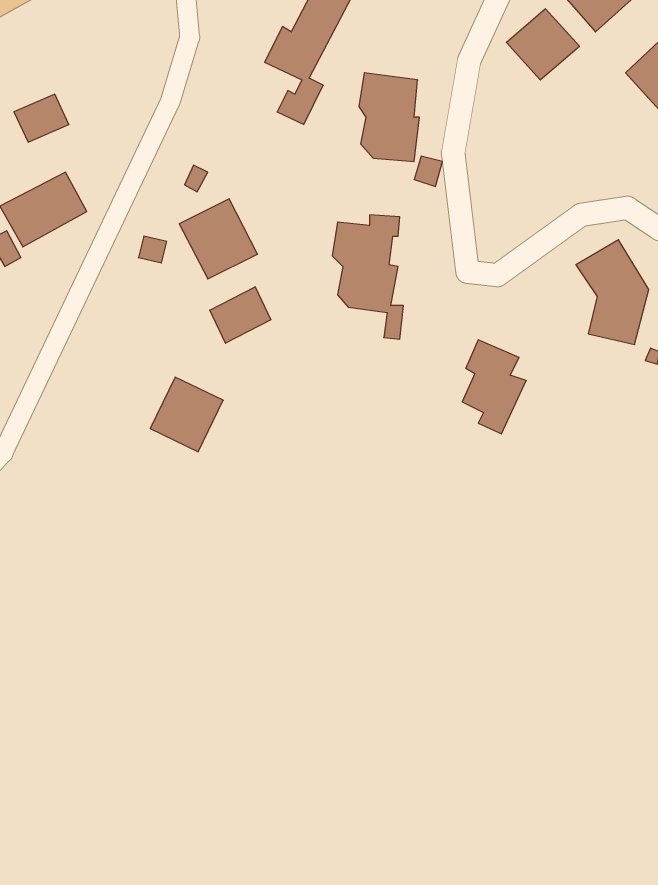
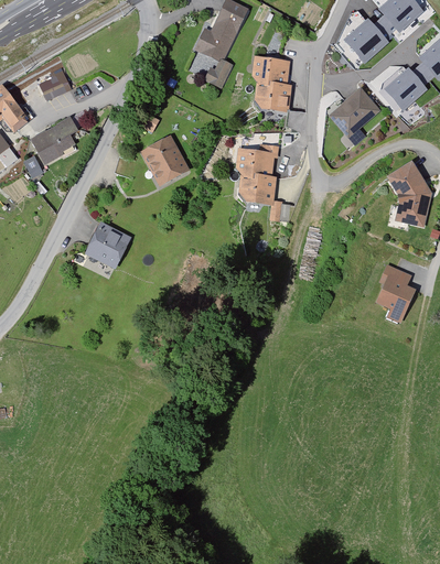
building: none -> [383,65,428,110]
building: none -> [328,88,378,138]
building: [210,287,271,343] -> none
building: [462,340,526,434] -> [376,264,416,323]
building: [150,377,223,452] -> [85,223,130,269]

